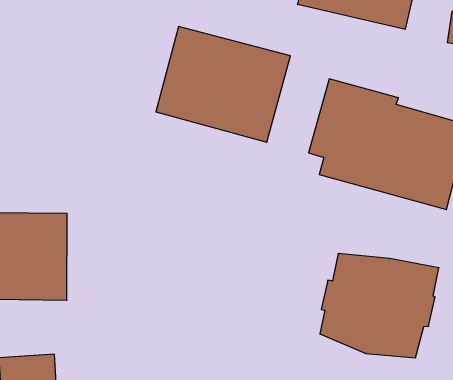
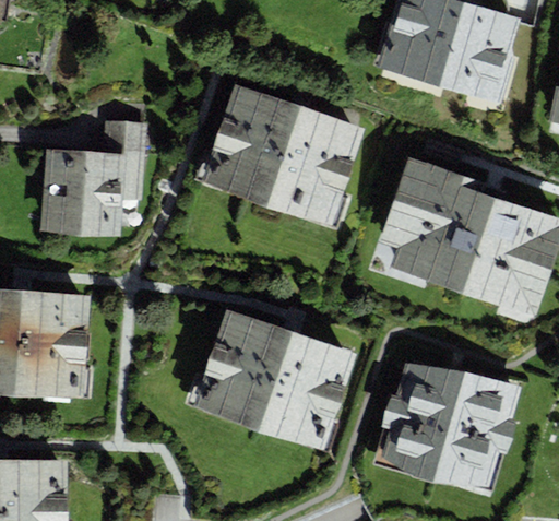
building: none -> [39,120,146,236]
building: none -> [192,308,356,450]

